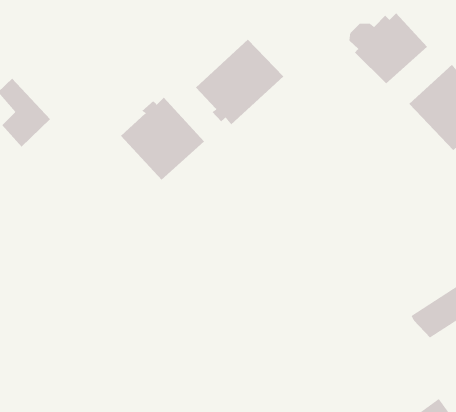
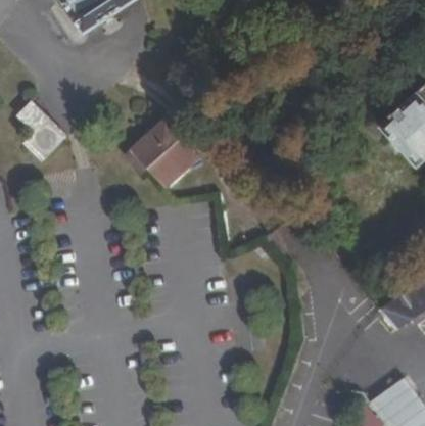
building: [349,13,428,84] -> none
building: [195,39,284,125] -> none

